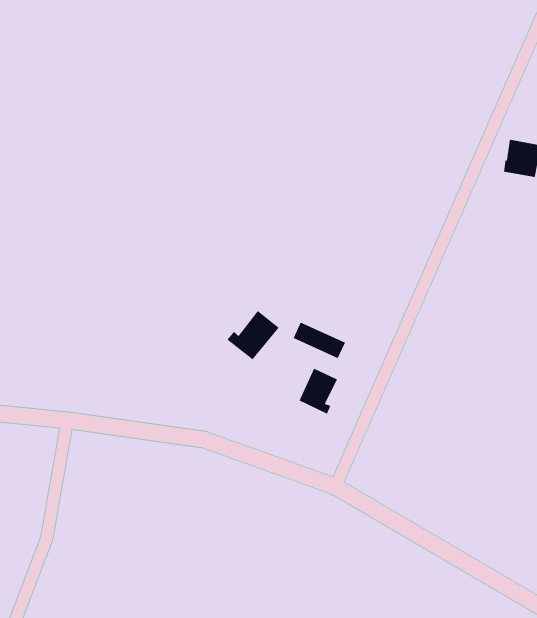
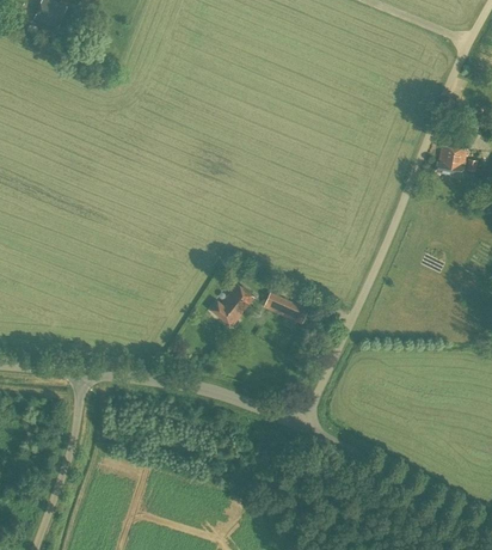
building: [299,368,338,415] -> none

